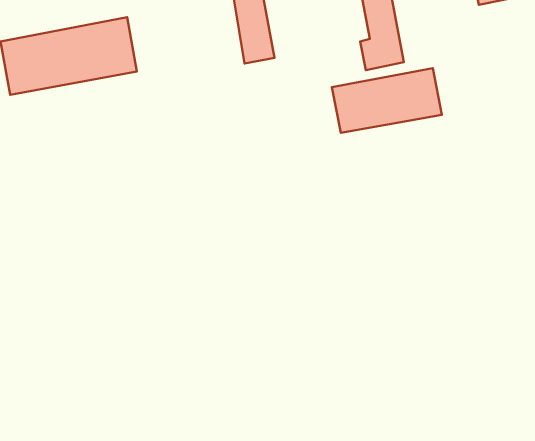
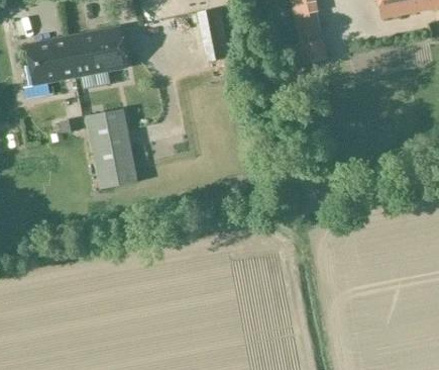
building: [332,68,442,133] -> none
building: none -> [87,109,136,190]

